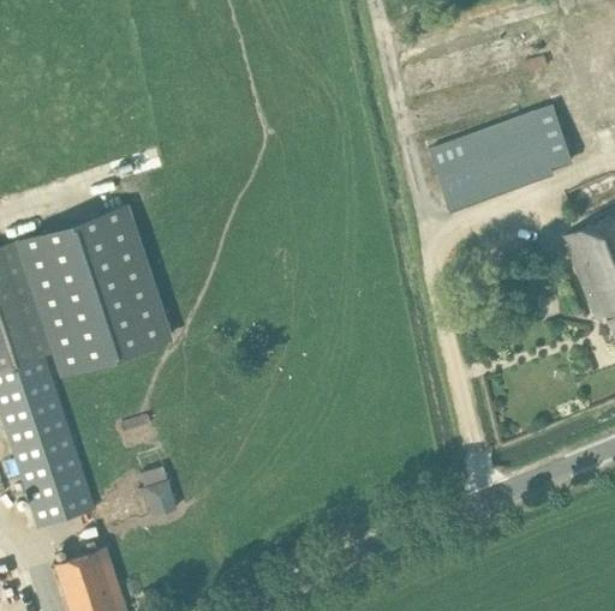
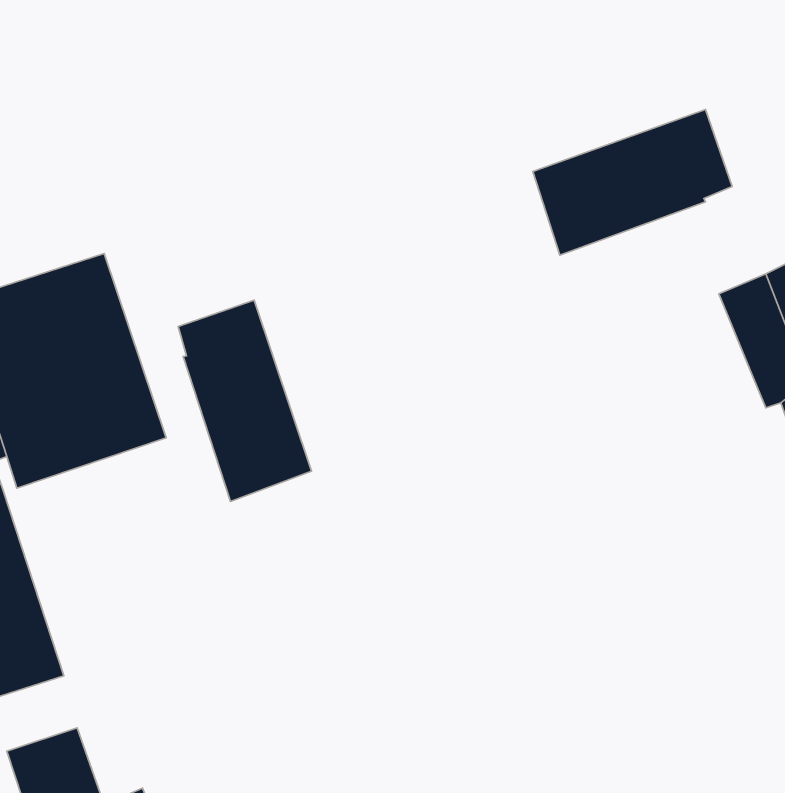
building: none -> [178,300,312,502]
building: [138,468,177,519] -> none

